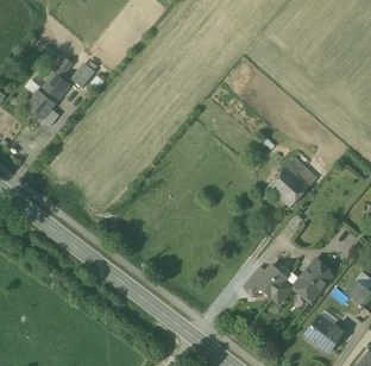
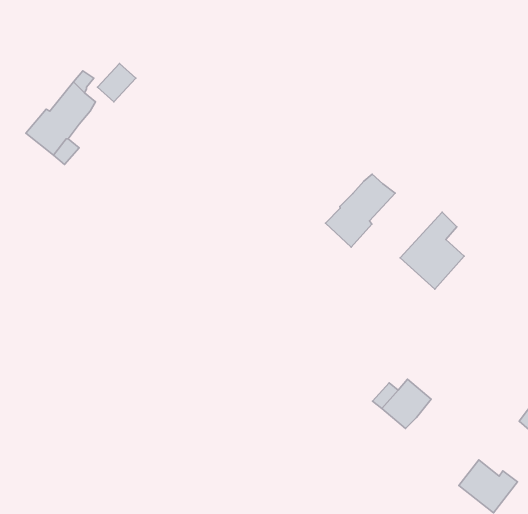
building: none -> [326,174,395,247]
building: [278,257,332,297] -> none

